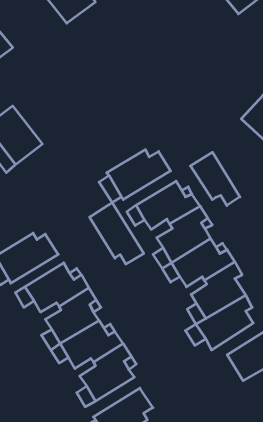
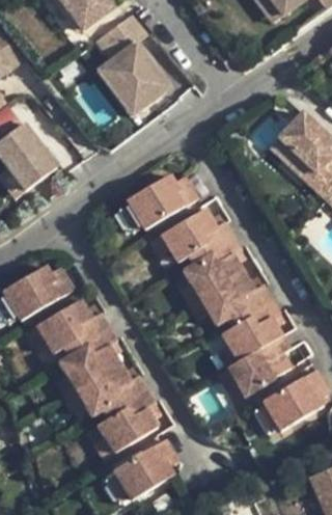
building: none -> [96,10,170,115]
building: [190,152,240,206] -> none
building: [90,202,144,264] -> none

